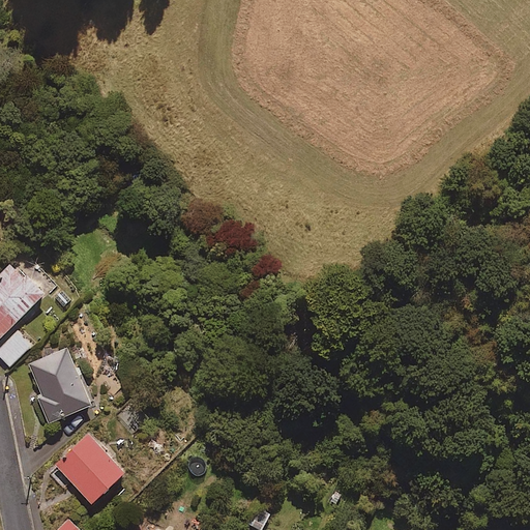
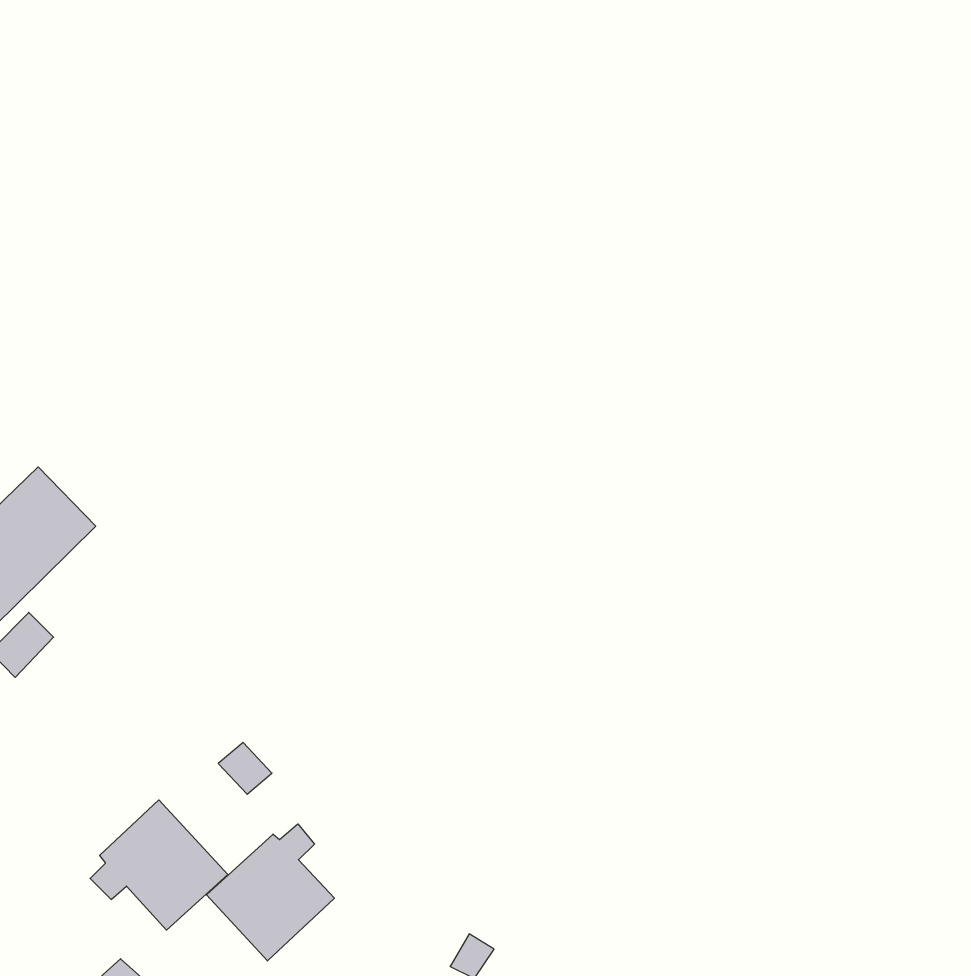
building: [28,348,91,422] -> none
building: none -> [206,824,334,961]

